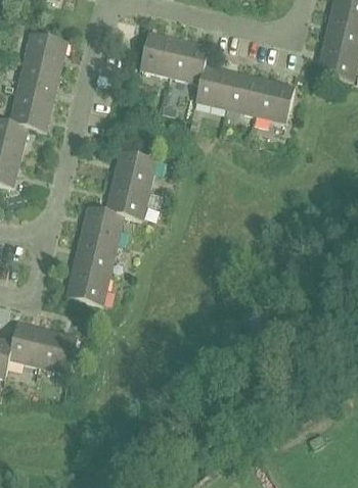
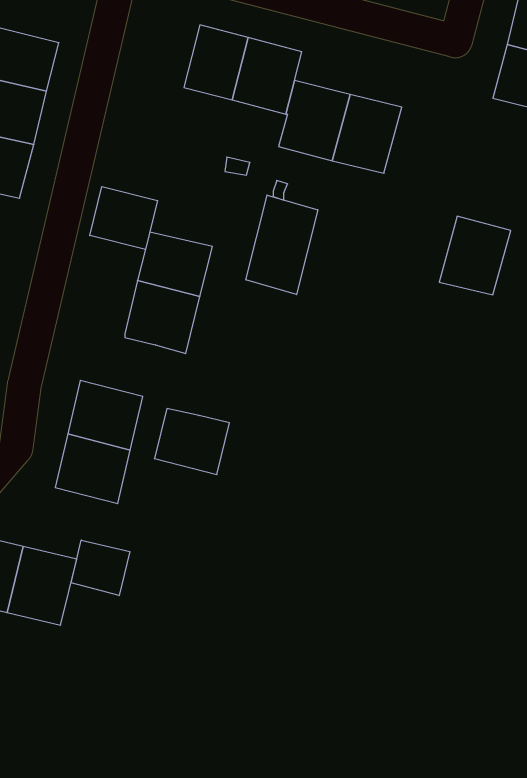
building: [254,79,295,124] -> [439,216,511,295]
building: none -> [90,187,158,249]
building: none -> [246,195,318,295]
building: [80,206,123,244] -> [154,409,229,475]
building: none -> [71,540,130,596]

